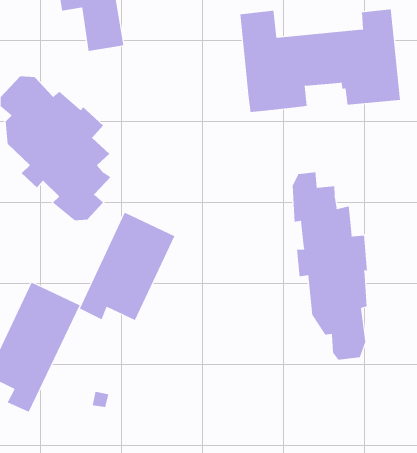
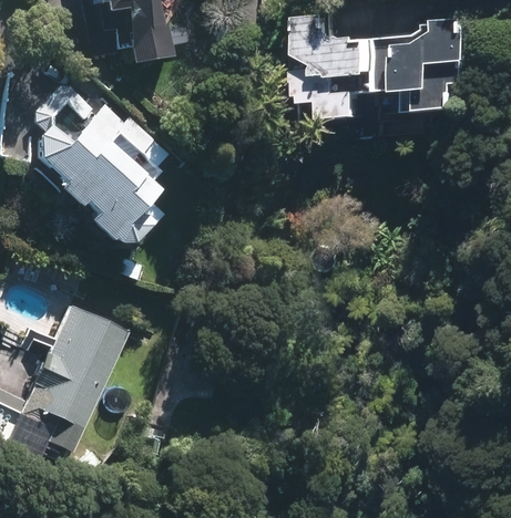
building: [292,172,368,360] -> none
building: [79,212,175,321] -> none

